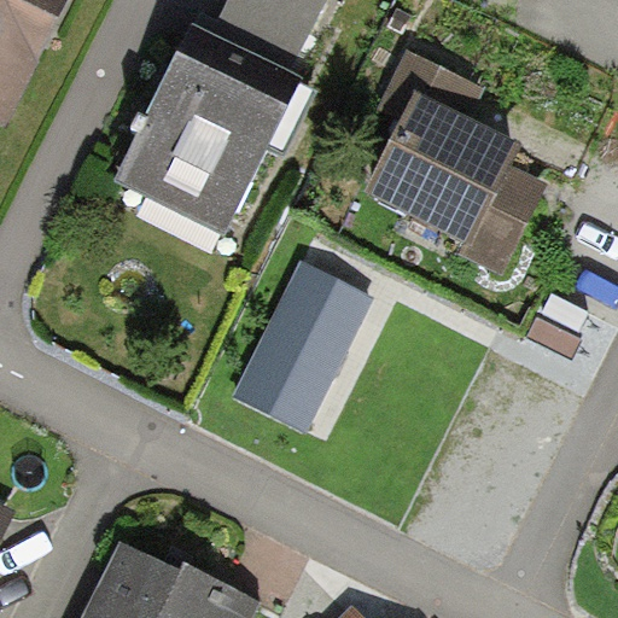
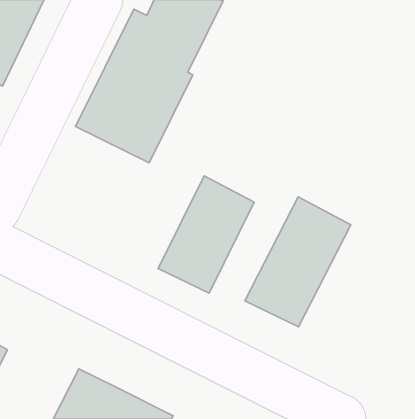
building: [360,47,546,279] -> none
building: none -> [245,197,351,327]

